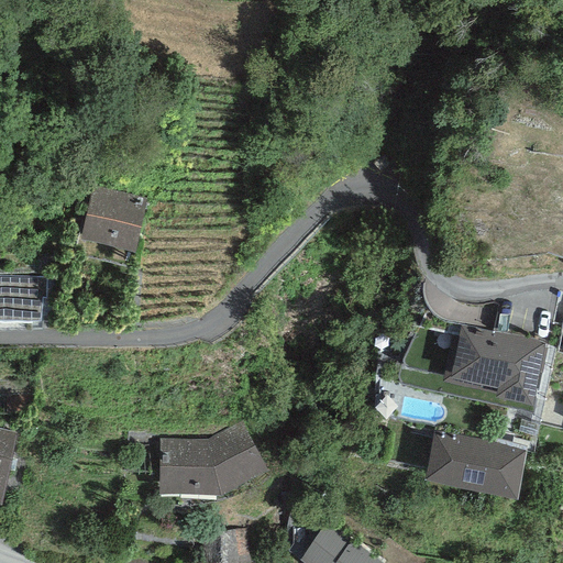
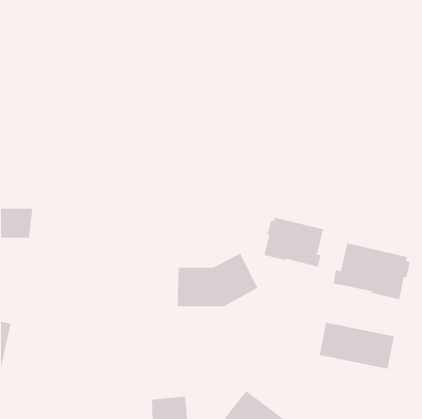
building: [79,188,147,253] -> none
building: none -> [263,217,324,268]
building: [158,422,267,495] -> [177,253,259,307]

